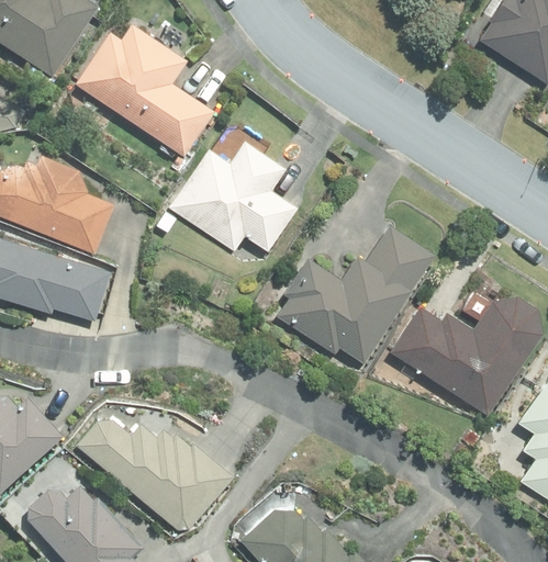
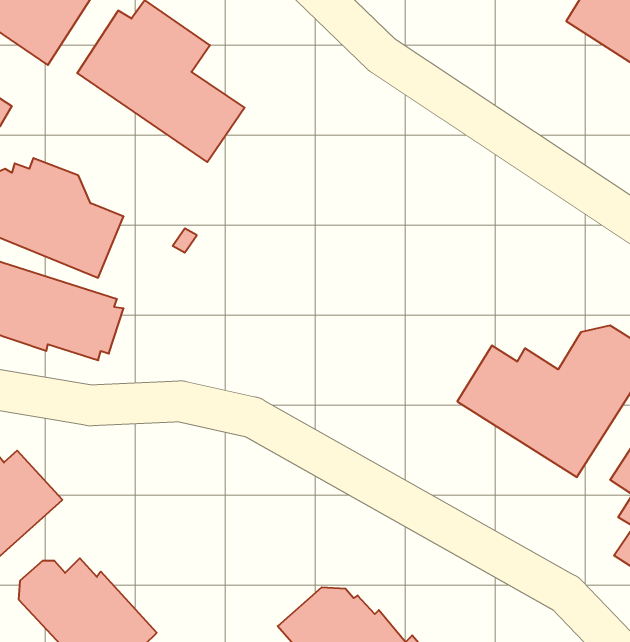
building: [169,140,297,252] -> none
building: [278,226,434,364] -> none
building: [76,418,233,530] -> none

